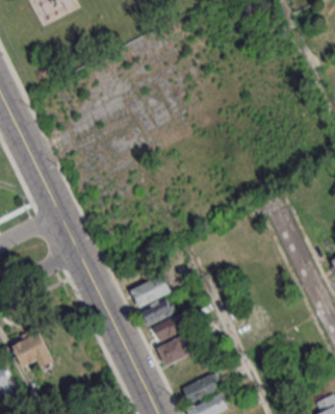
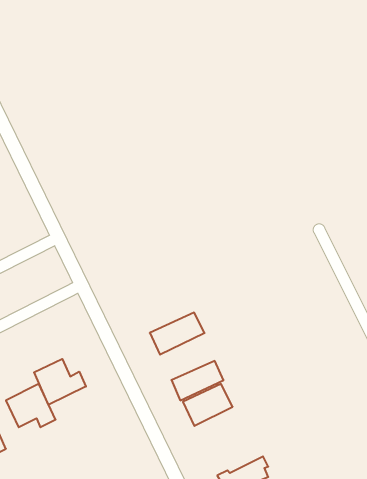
building: [141,299,176,325] -> none
building: none -> [34,359,86,405]
building: [179,372,218,405] -> none

